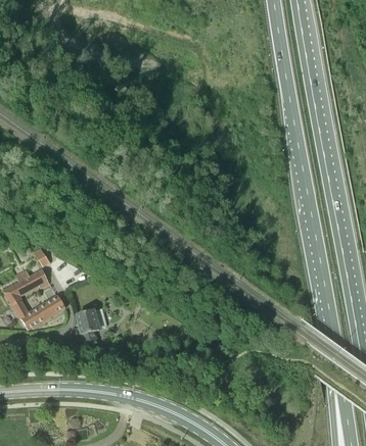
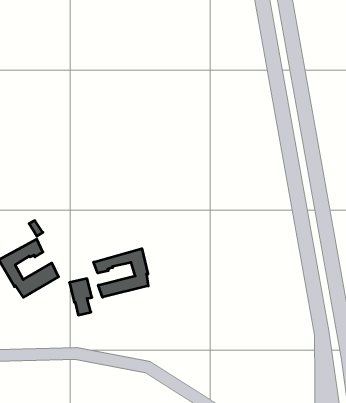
building: none -> [94,249,148,297]

